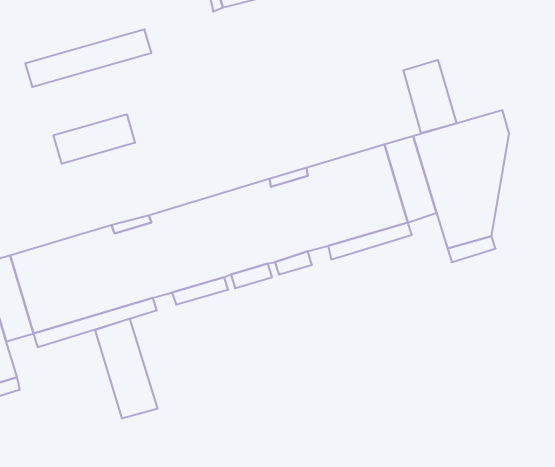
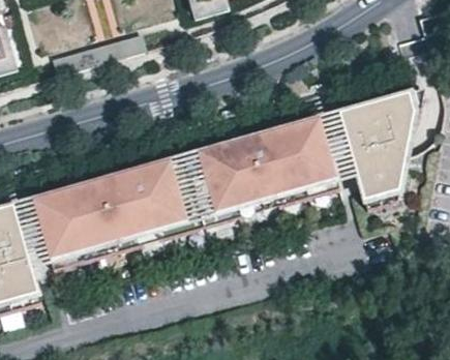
building: [403,60,456,133] -> none
building: [54,114,135,164] -> none
building: [95,319,158,419] -> none

